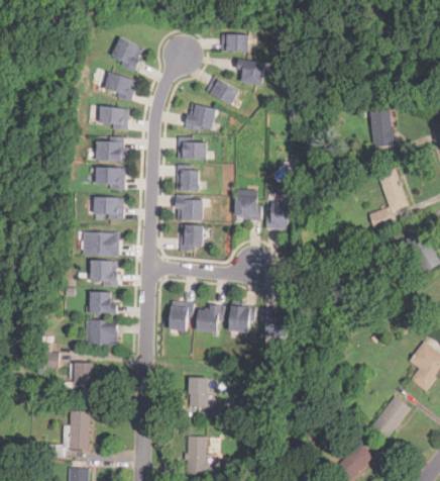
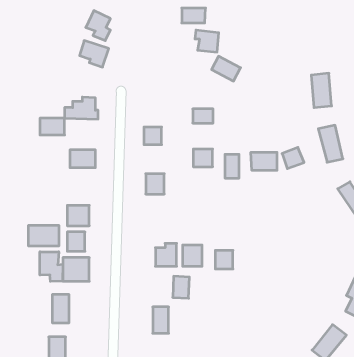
building: [206,77,239,105] -> [212,56,241,81]
building: [186,103,216,131] -> none
building: [100,107,128,130] -> none
building: [182,143,205,160] -> [193,109,213,123]
building: [96,169,124,188] -> [40,118,65,135]
building: [177,198,202,219] -> none
building: none -> [251,152,277,170]
building: [368,207,394,231] -> [282,147,304,169]
building: [83,232,118,256] -> [28,226,59,246]
building: [166,305,185,330] -> [173,276,189,298]
building: none -> [40,252,63,281]

